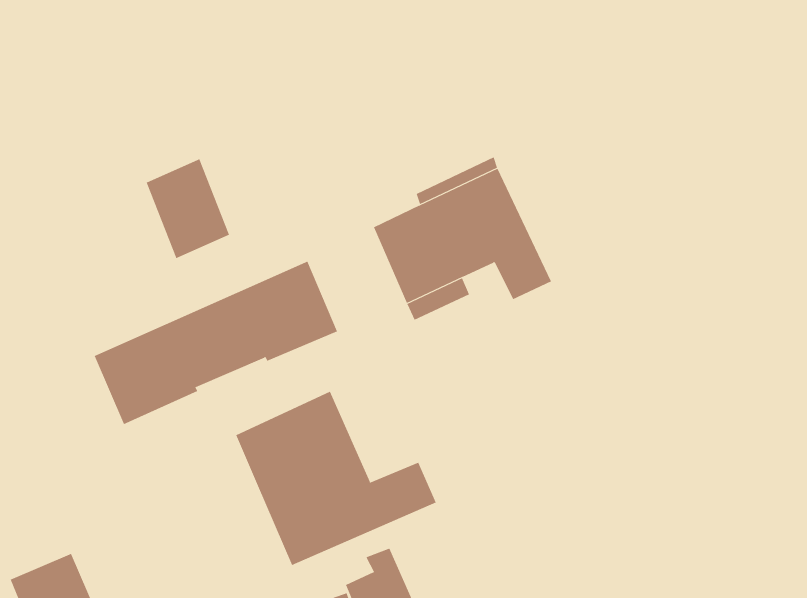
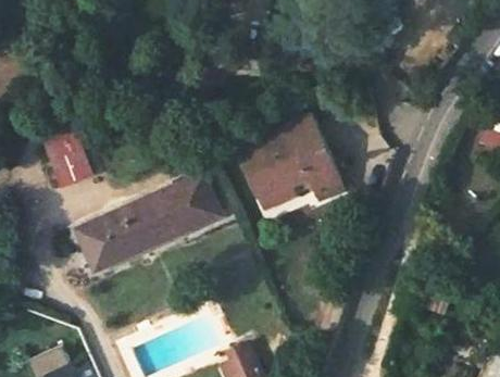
building: [146,158,230,259] -> [41,131,90,190]
building: [235,391,436,566] -> none

